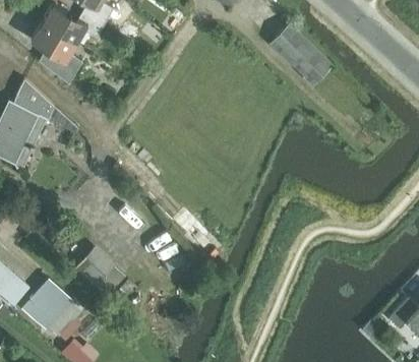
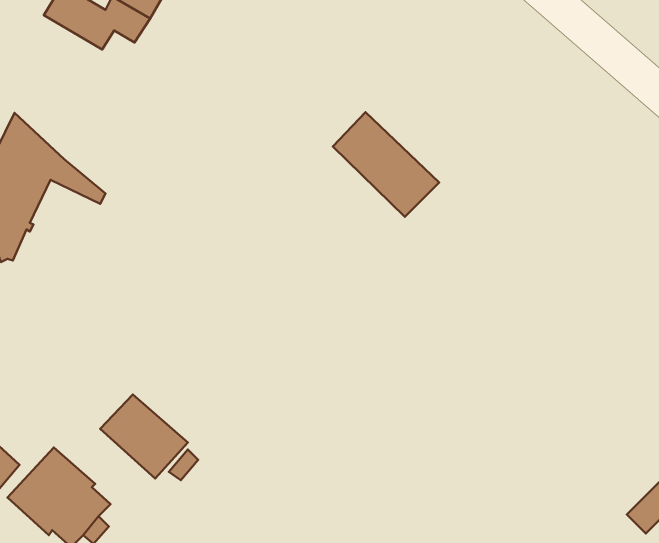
building: [31,21,82,76] -> none
building: [270,23,333,85] -> [333,112,439,217]

